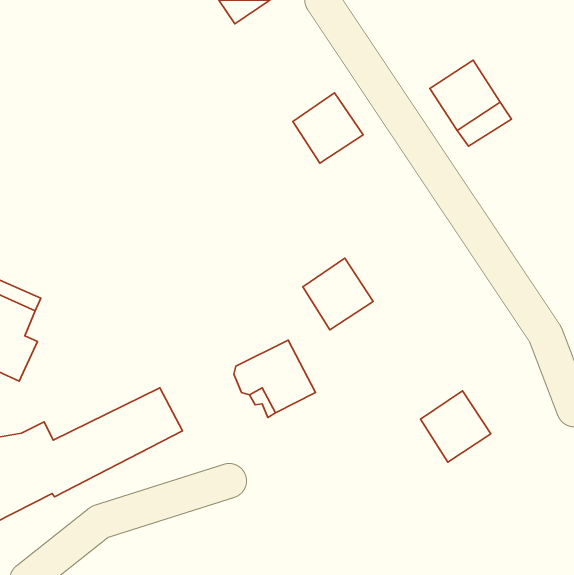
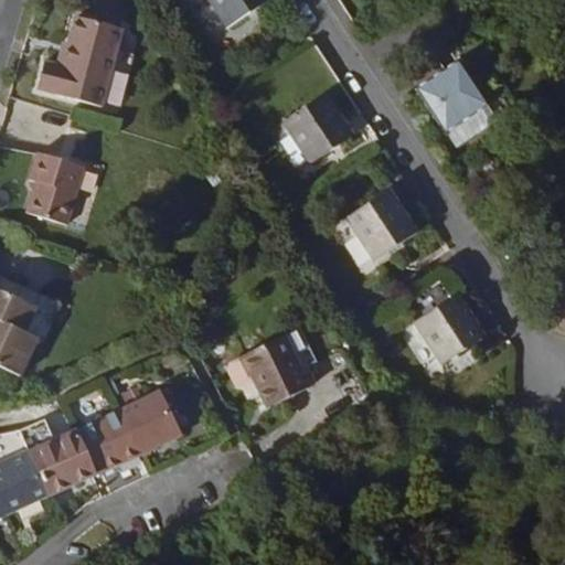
building: none -> [34,15,131,109]
building: none -> [25,154,82,225]
building: [303,258,373,330] -> [349,192,417,262]
building: [420,391,491,462] -> [417,296,486,365]

